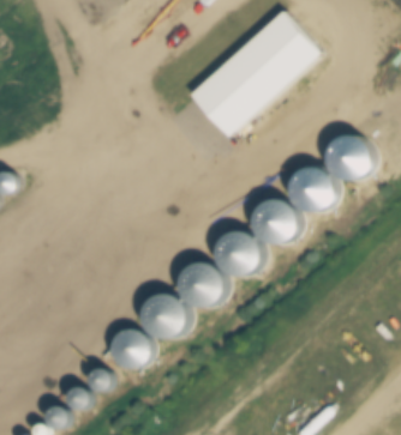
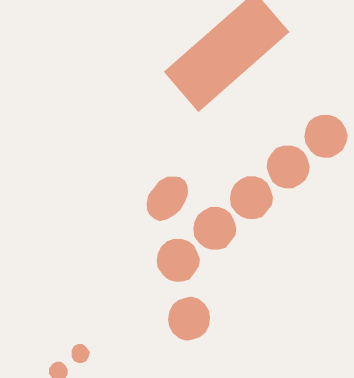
building: none -> [146,176,188,222]
building: [143,292,187,338] -> [167,296,211,341]
building: [112,331,150,369] -> none

